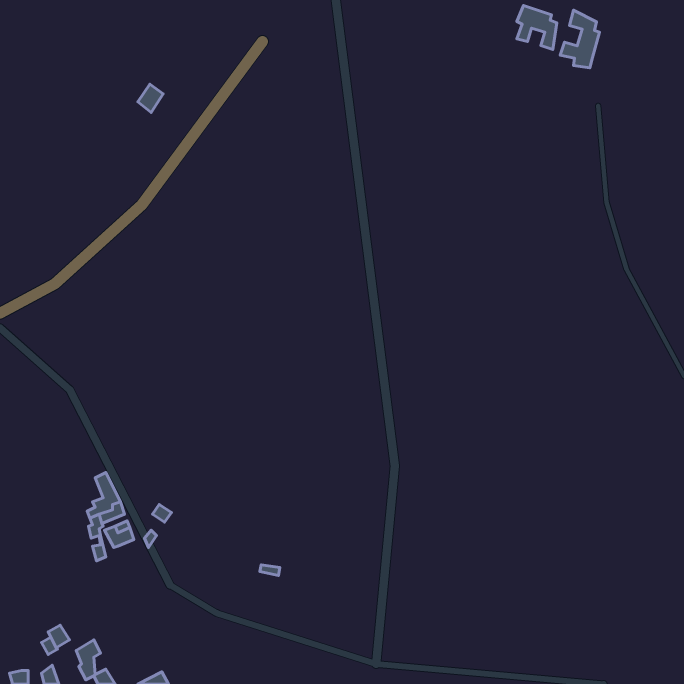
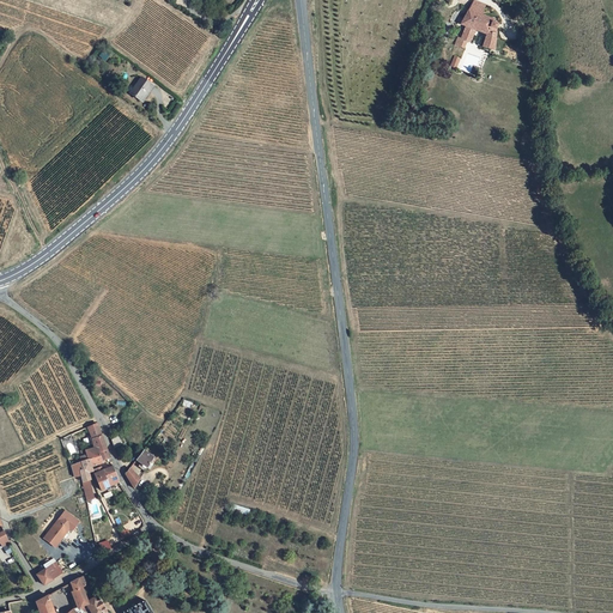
building: [560,10,599,68] -> none
building: none -> [44,511,79,547]

